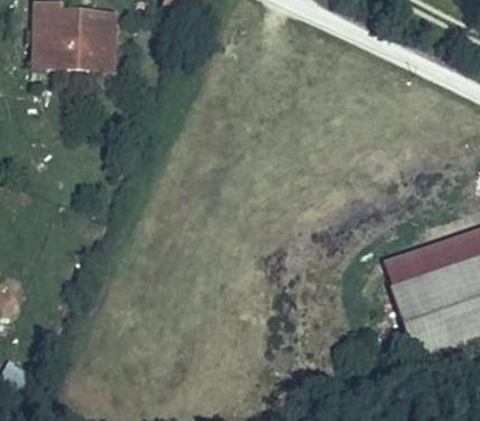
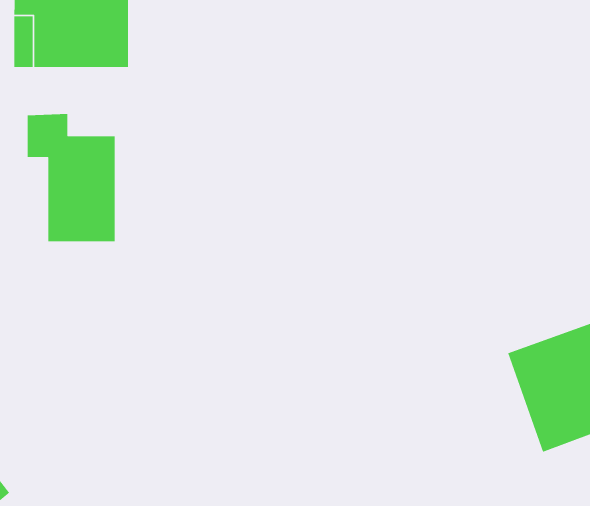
building: none -> [27,113,115,242]

